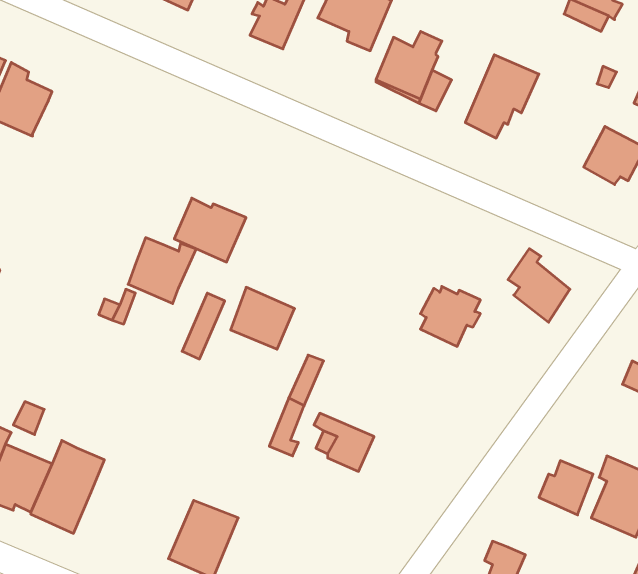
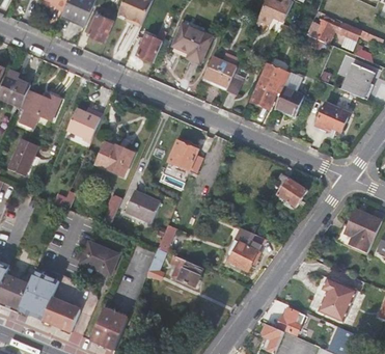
building: none -> [275,75,304,116]
building: none -> [19,89,60,128]
building: none -> [168,137,199,172]
building: none -> [7,138,37,174]
building: [128,238,196,304] -> [66,107,103,142]
building: [420,286,480,346] -> [227,239,259,271]
building: none -> [79,240,118,276]
building: [539,461,593,515] -> [274,308,303,337]
building: none -> [42,299,78,332]

